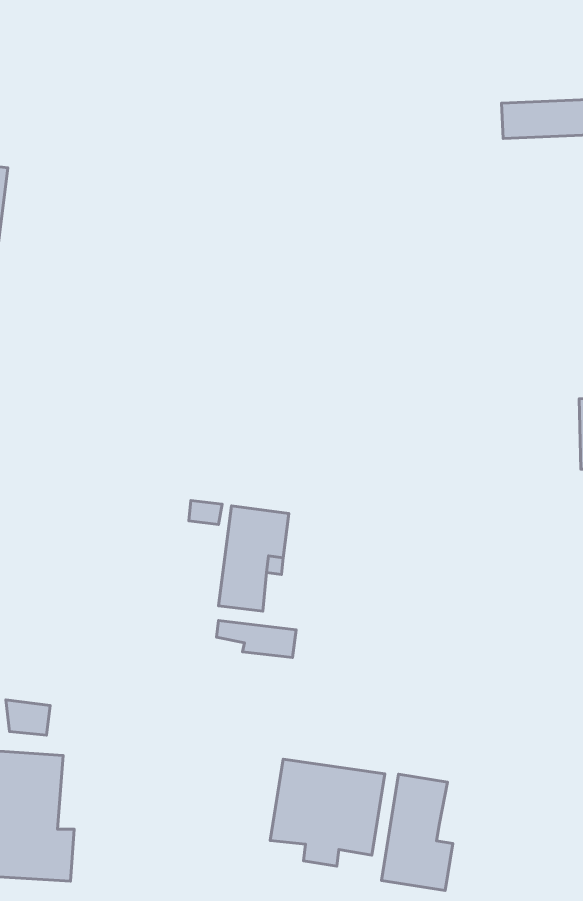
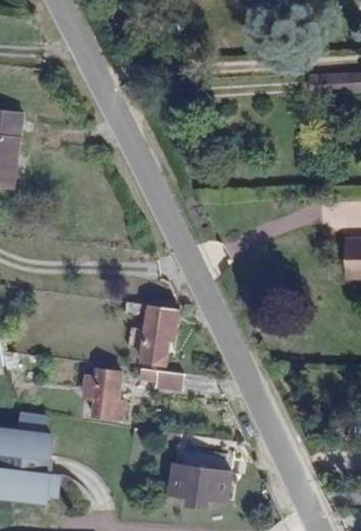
building: none -> [81,369,126,418]
building: [382,774,453,891] -> none

